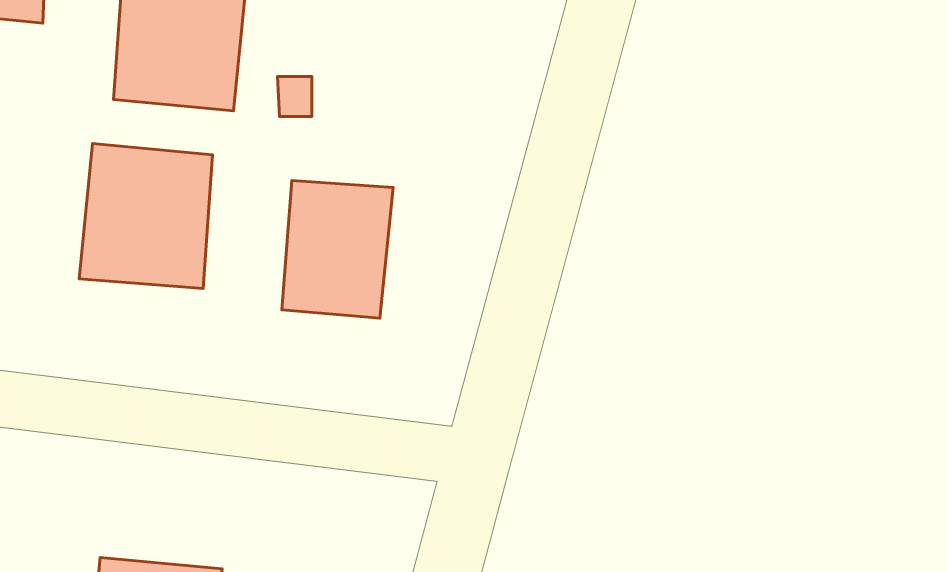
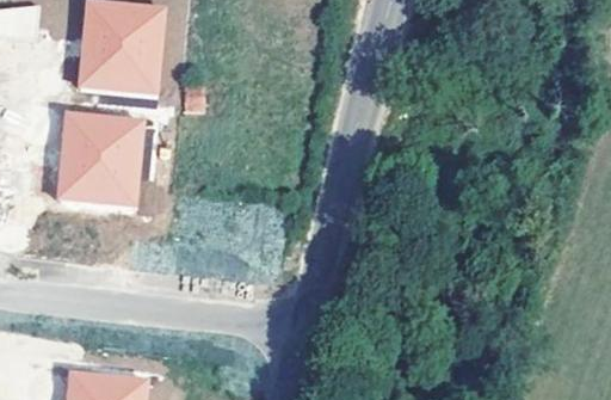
building: [282,181,393,318] -> none

